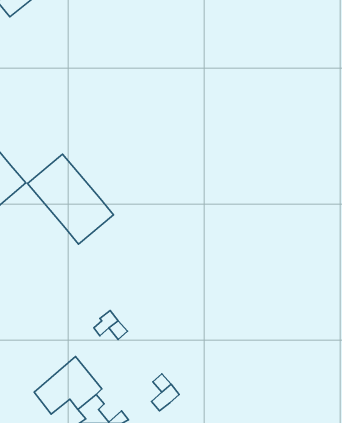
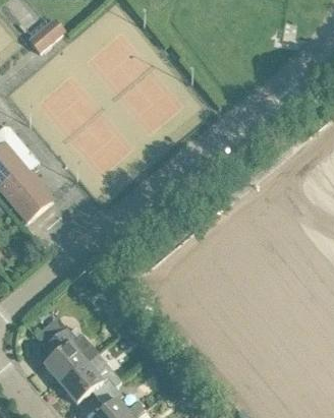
building: [27,154,114,244] -> none
building: none -> [43,327,97,384]

